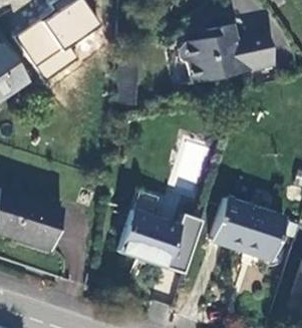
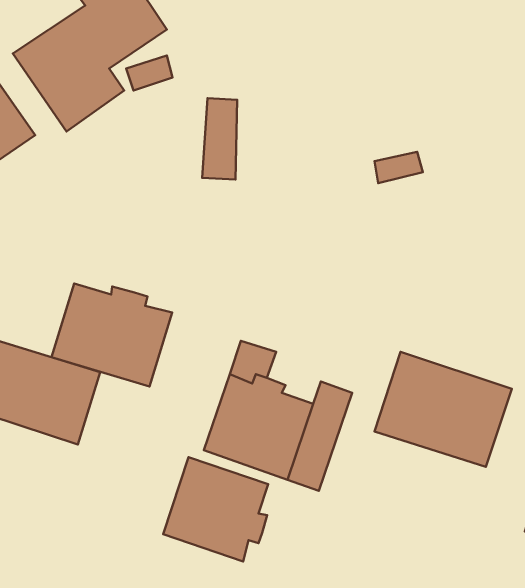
building: [180,24,277,85] -> none
building: none -> [51,284,172,386]
building: none -> [163,457,268,561]

